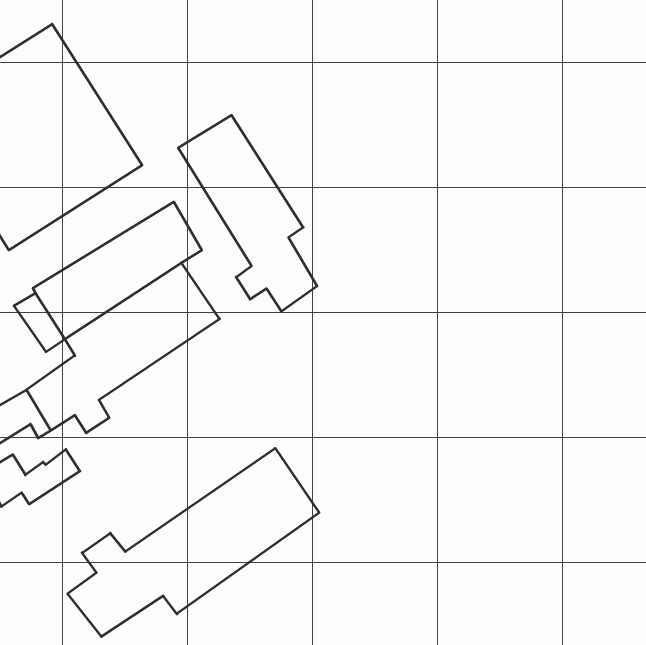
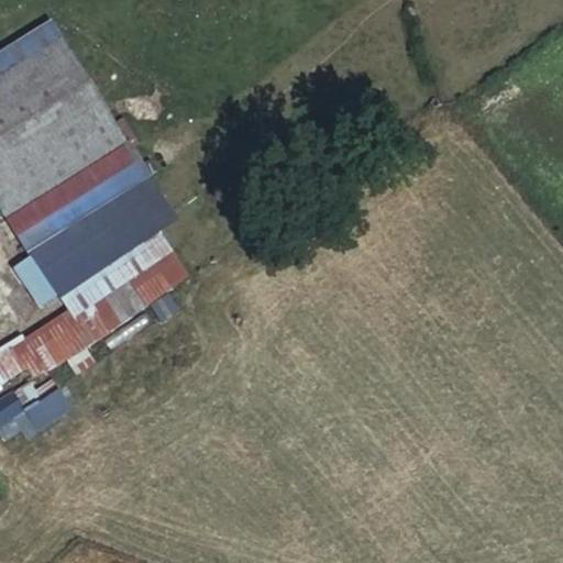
building: [178,115,317,311] -> none
building: none -> [8,139,151,250]
building: [68,448,319,637] -> none

